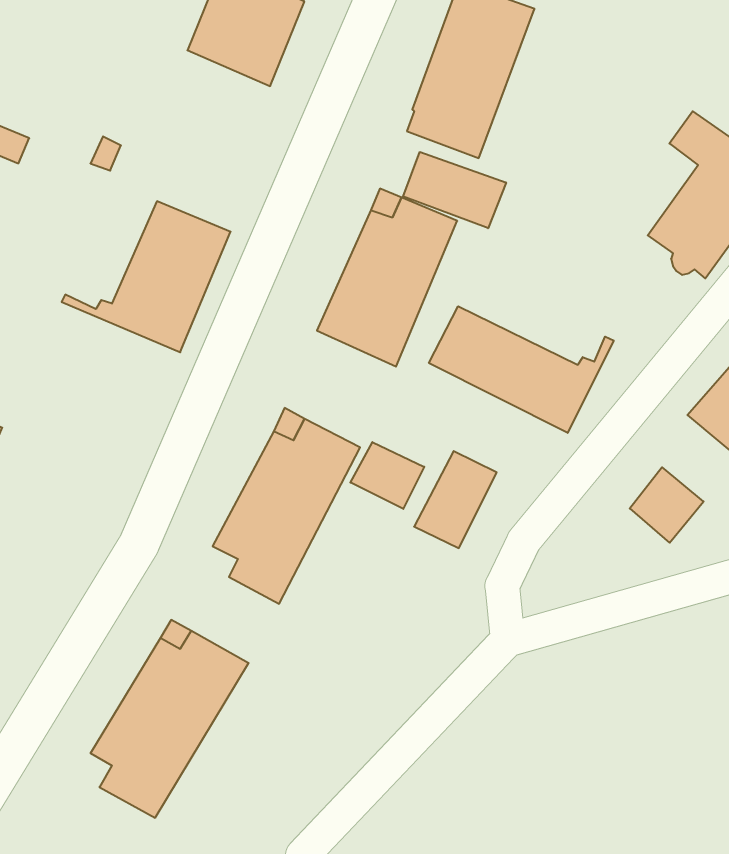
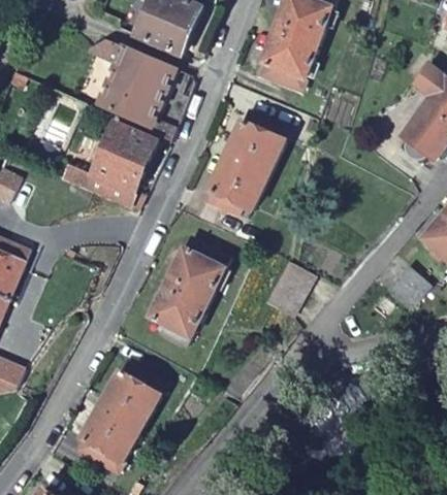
building: none -> [98,44,178,128]
building: [403,152,506,228] -> none
building: [429,306,614,433] -> none
building: [350,442,424,509] -> none

